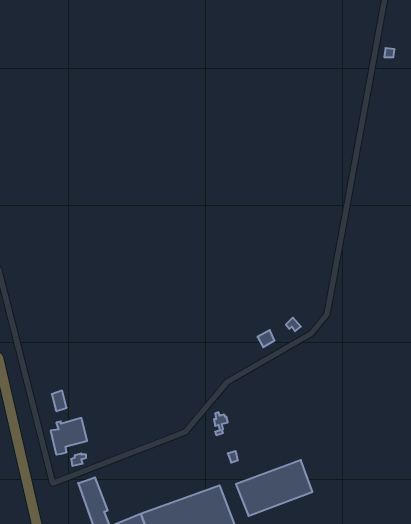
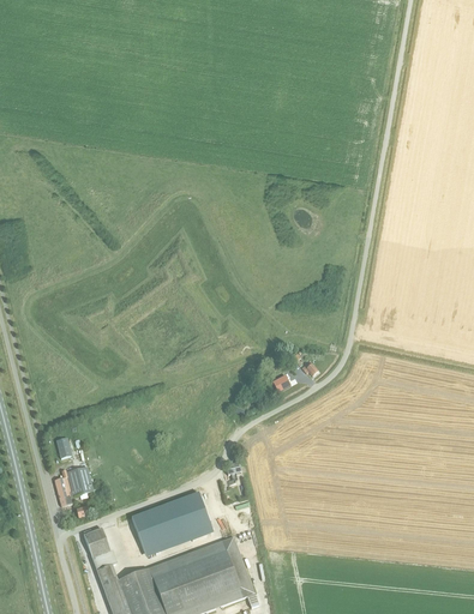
building: [236,460,312,516] -> [131,493,211,552]

